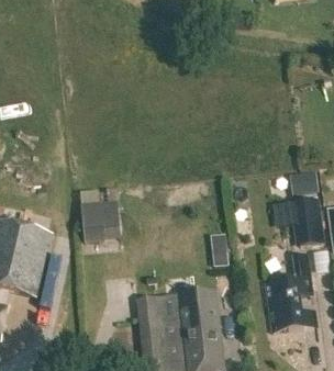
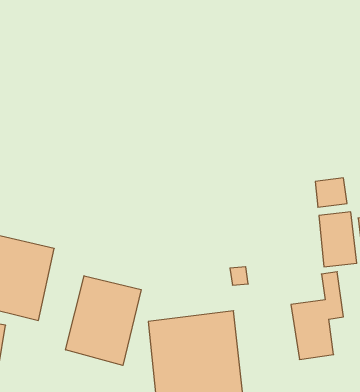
building: [82,204,105,240] -> none
building: none -> [66,276,141,365]

